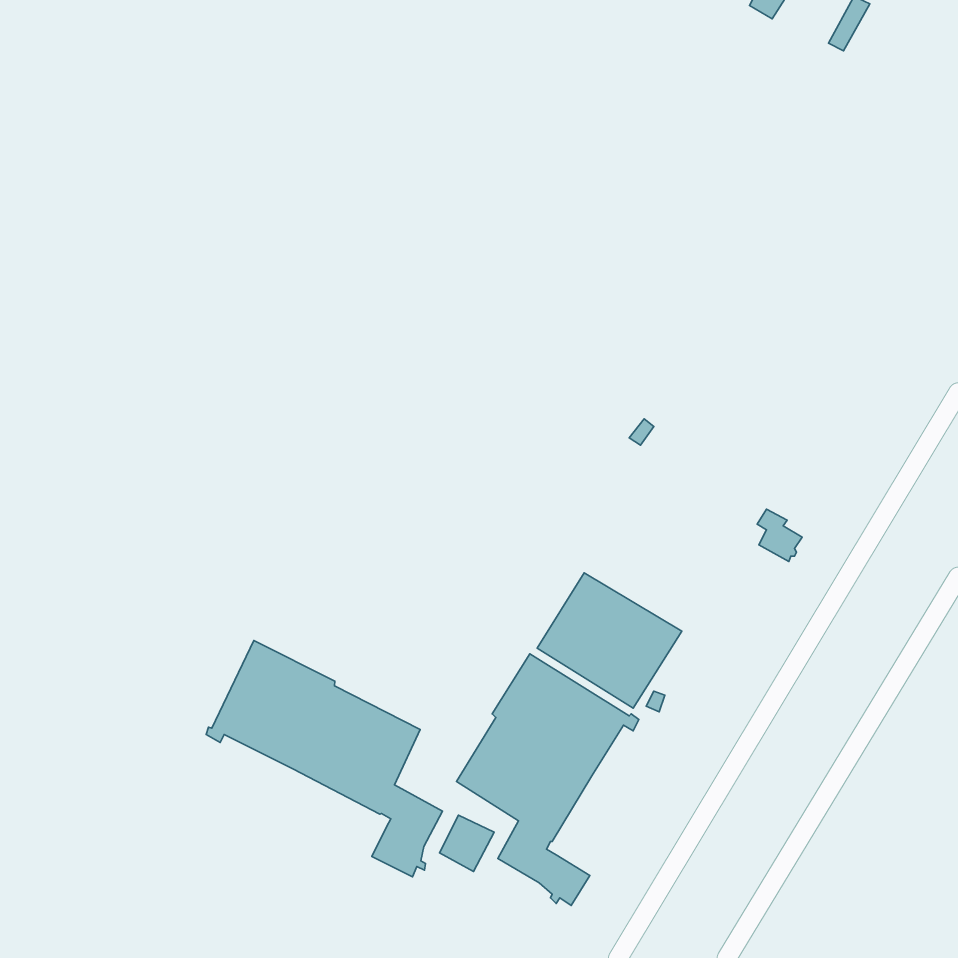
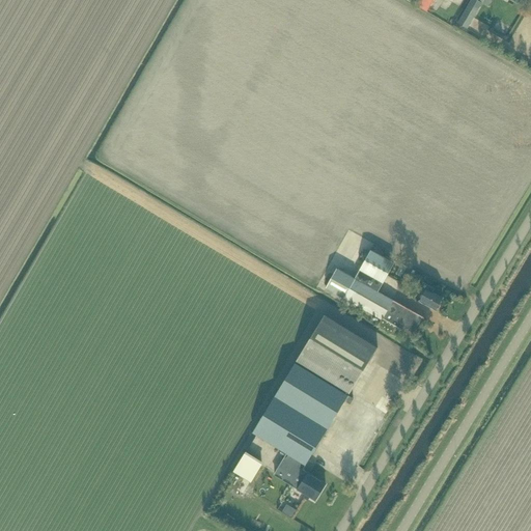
building: none -> [325,249,424,335]
building: [206,640,442,877] -> none

